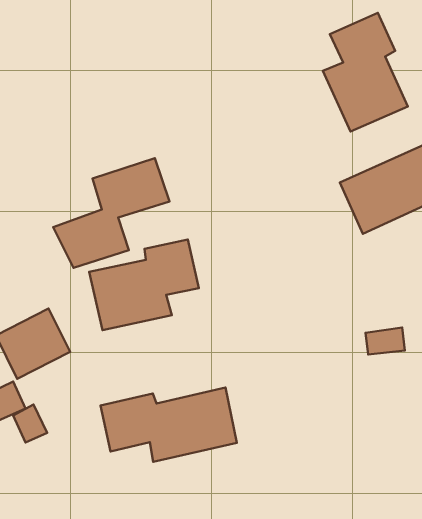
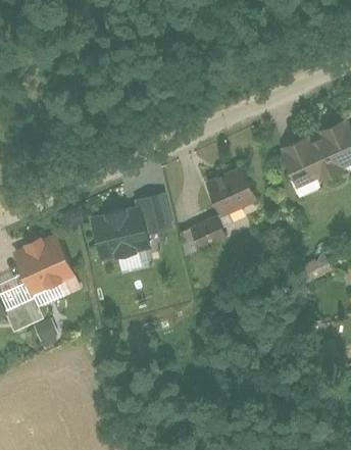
building: [323,13,408,131] -> none
building: [53,158,170,268] -> [177,166,264,249]
building: [100,388,237,462] -> none

